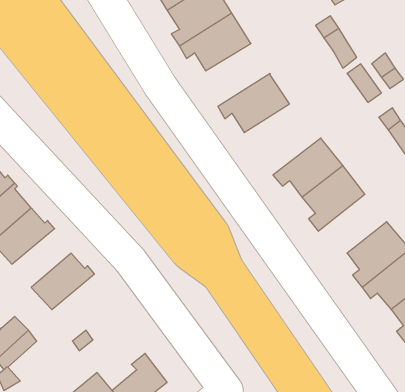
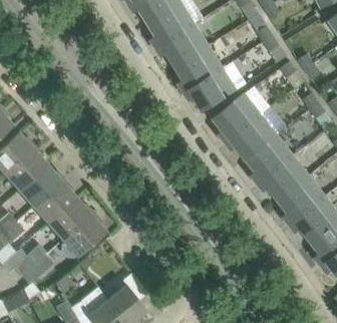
building: none -> [176,45,223,91]
building: none -> [214,93,260,141]
building: none -> [258,155,308,199]
building: none -> [34,181,77,224]
building: none -> [60,214,105,258]

